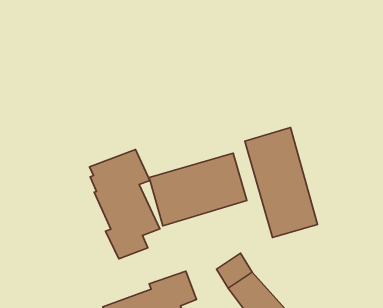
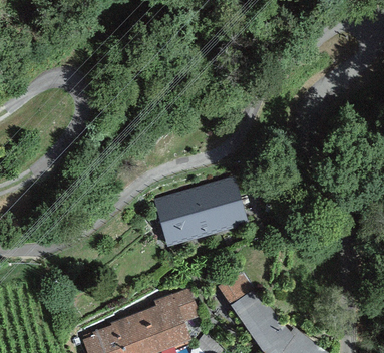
building: [245,128,317,237] -> none
building: [89,149,160,259] -> none

